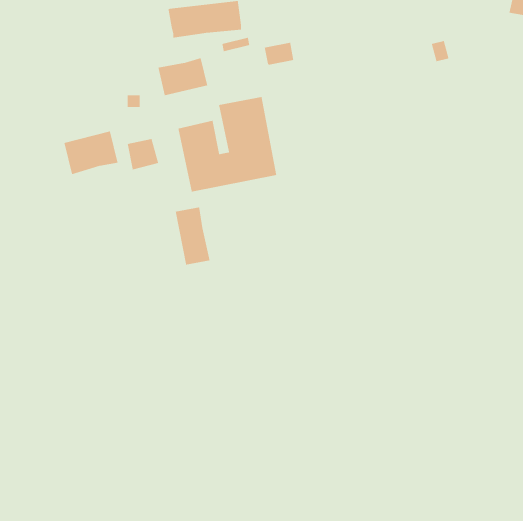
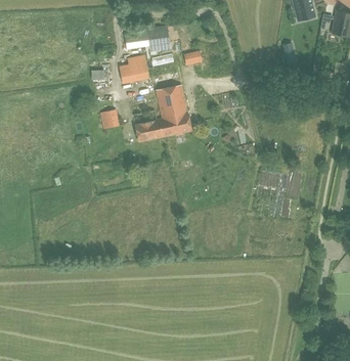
building: [63,131,118,175] -> none
building: [175,206,211,265] -> none

